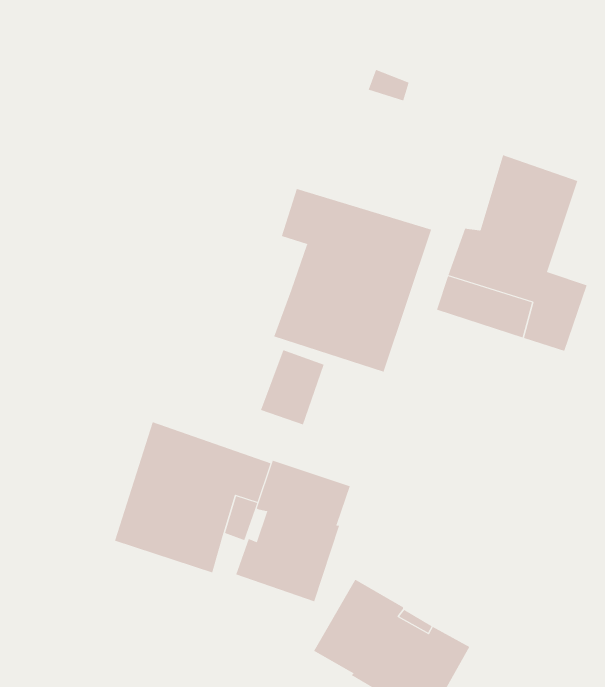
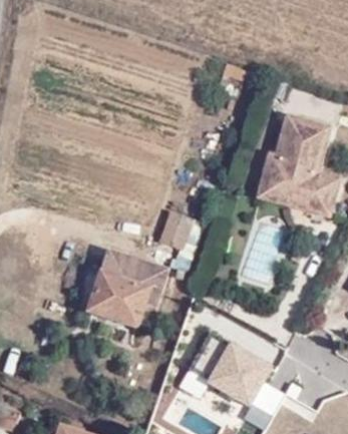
building: [274,188,432,373] -> none
building: [235,460,350,602] -> none

